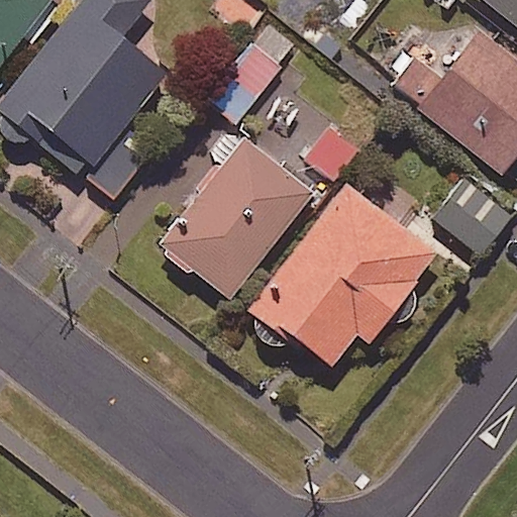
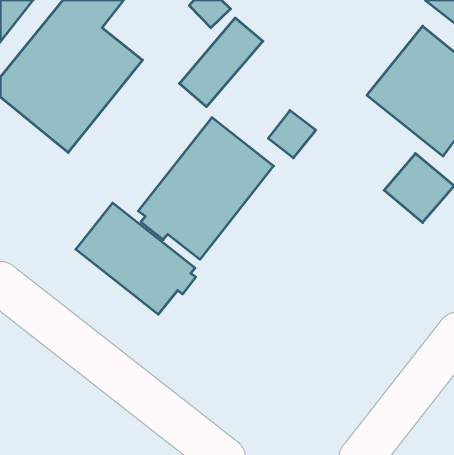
building: [250,182,435,367] -> none
building: none -> [76,203,196,314]

